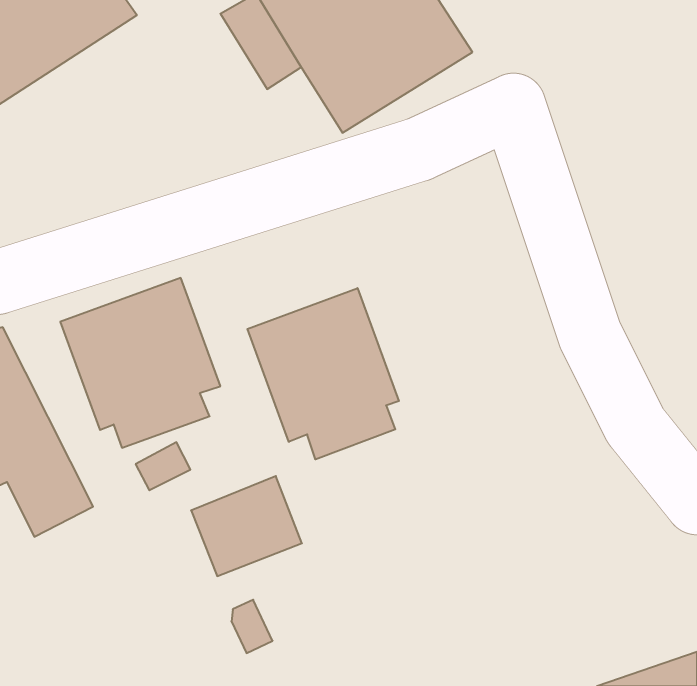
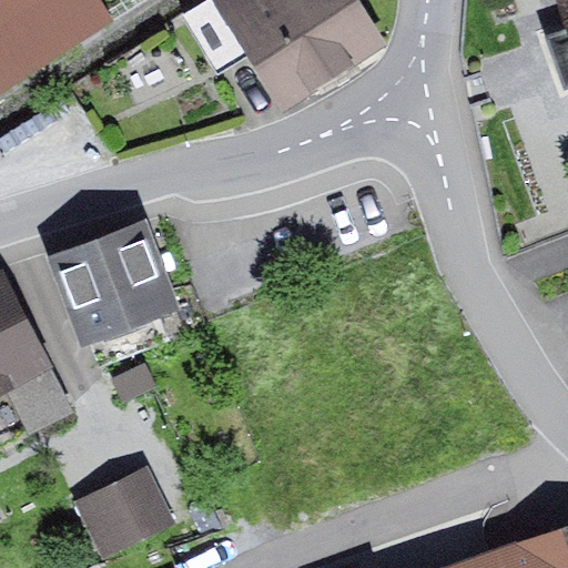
building: [247,288,399,459] -> none
building: [191,476,302,576] -> [79,468,169,549]

